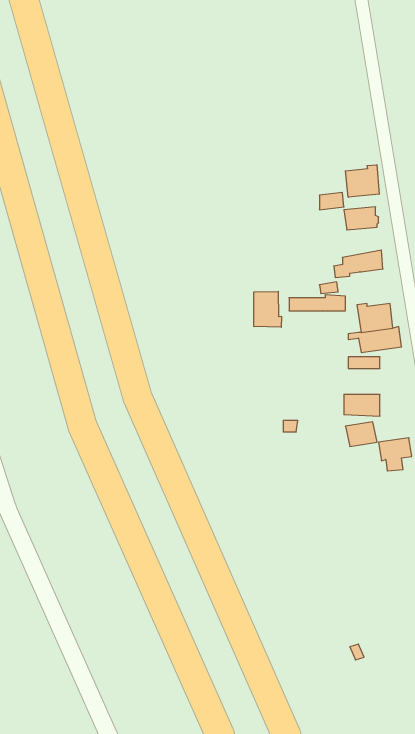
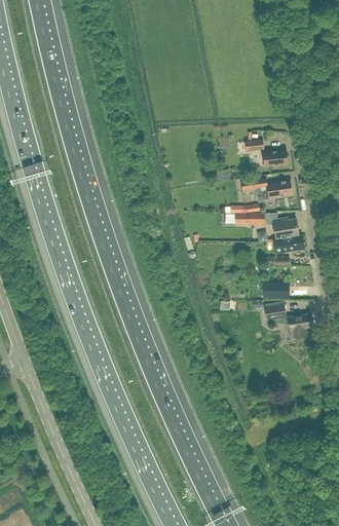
building: [345,165,379,197] -> none
building: [254,291,281,327] -> none

